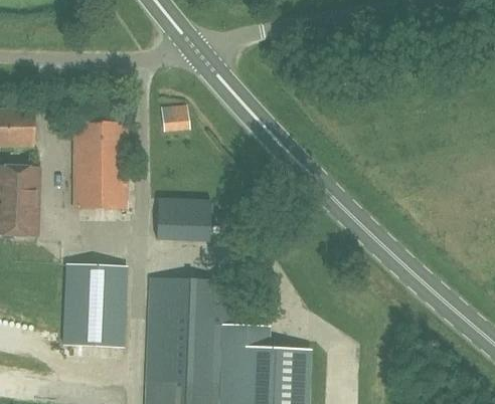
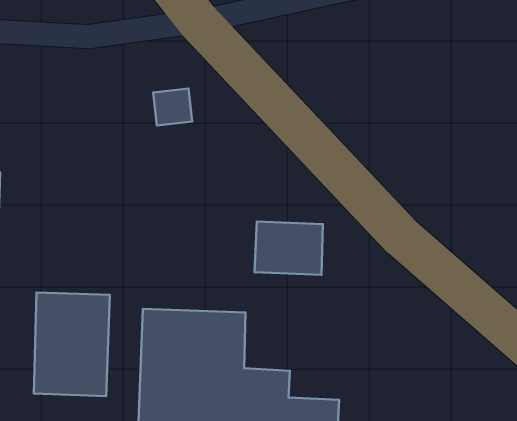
building: [73,124,126,209] -> none
building: [156,198,210,240] -> [254,222,323,275]

